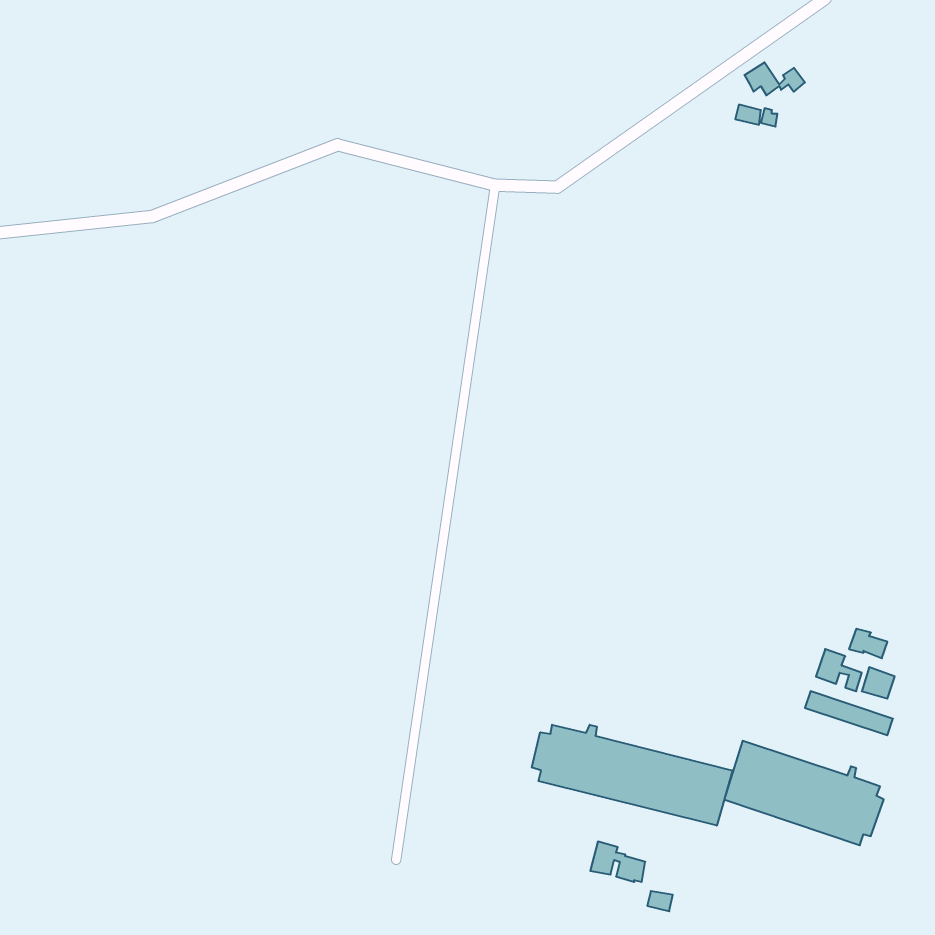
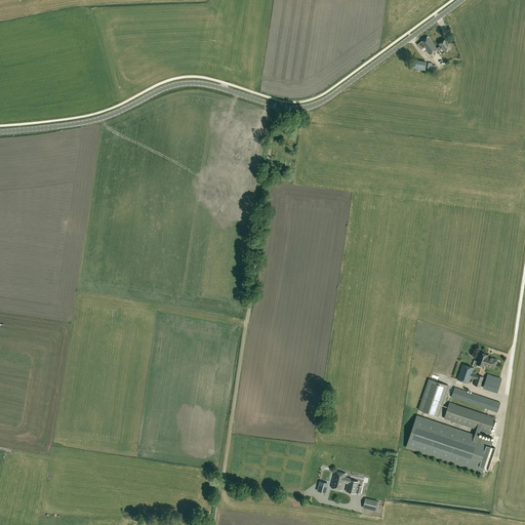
building: none -> [417,377,448,415]
building: none -> [443,402,494,433]
building: [532,725,732,826] -> none

